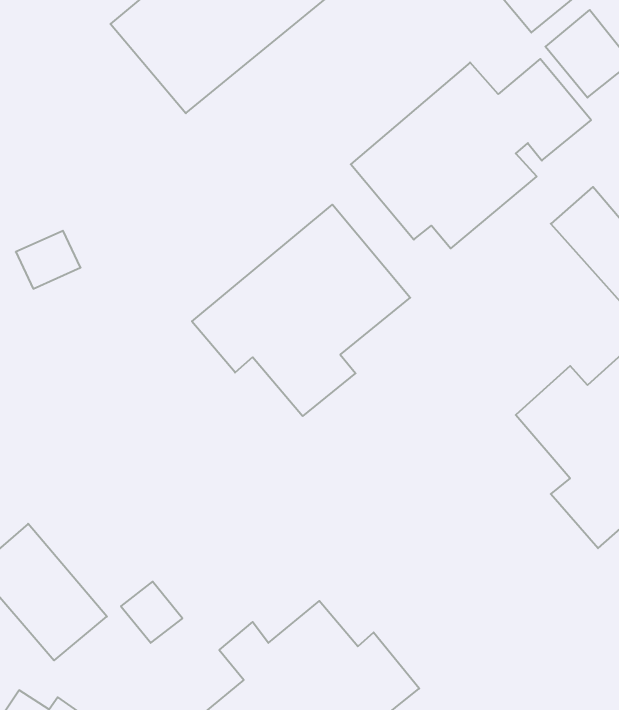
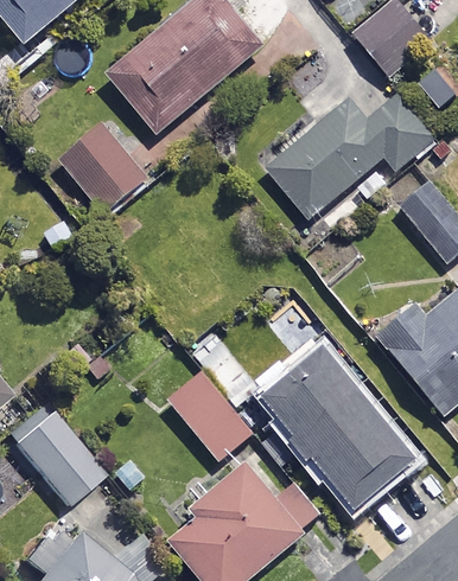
building: none -> [61,126,146,213]
building: [192,205,410,416] -> none
building: none -> [252,349,413,510]
building: none -> [172,375,252,458]

